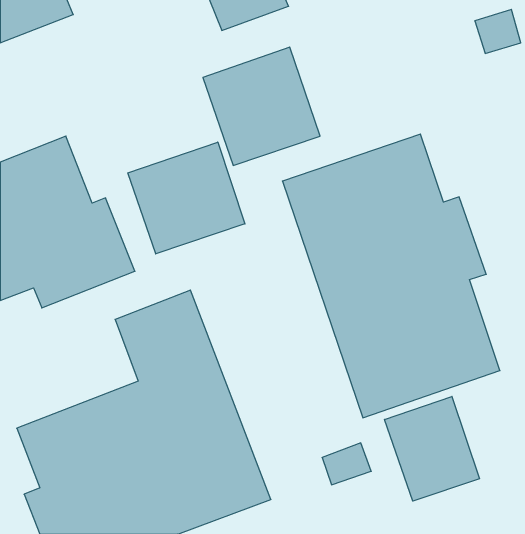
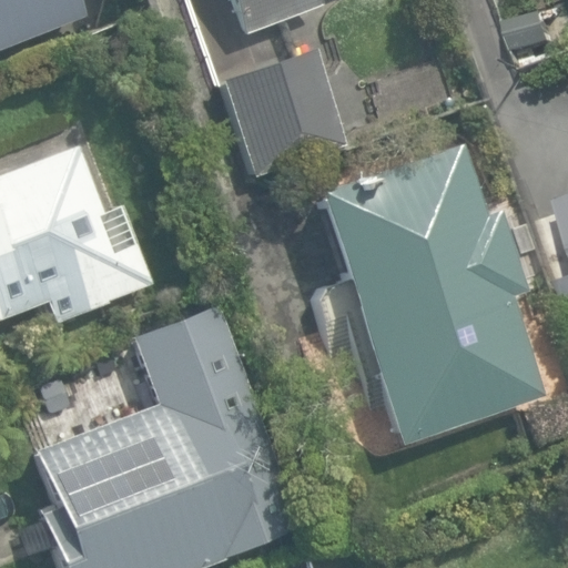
building: [128,142,245,254] -> none
building: [385,396,479,501] -> none

